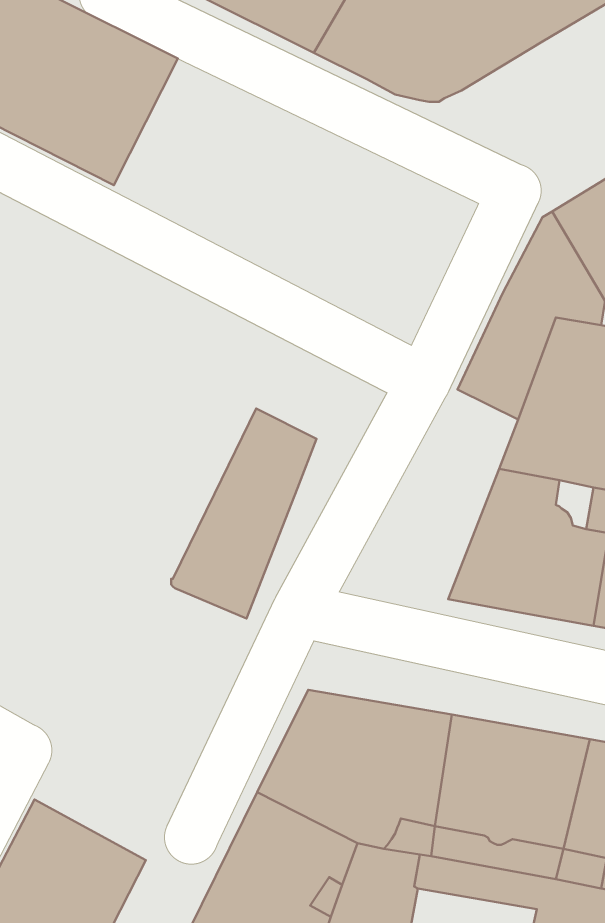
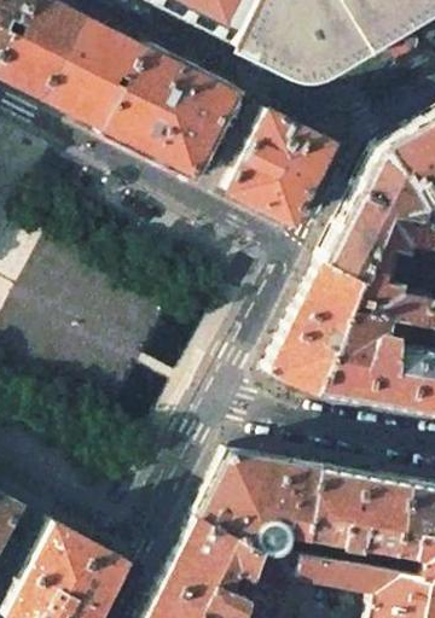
building: none -> [105,49,236,176]
building: none -> [227,111,332,225]
building: [171,409,317,619] -> [271,261,364,395]

